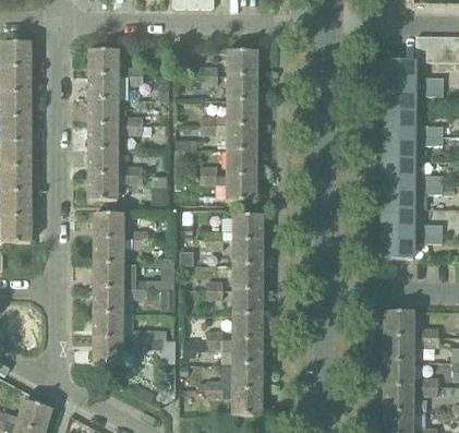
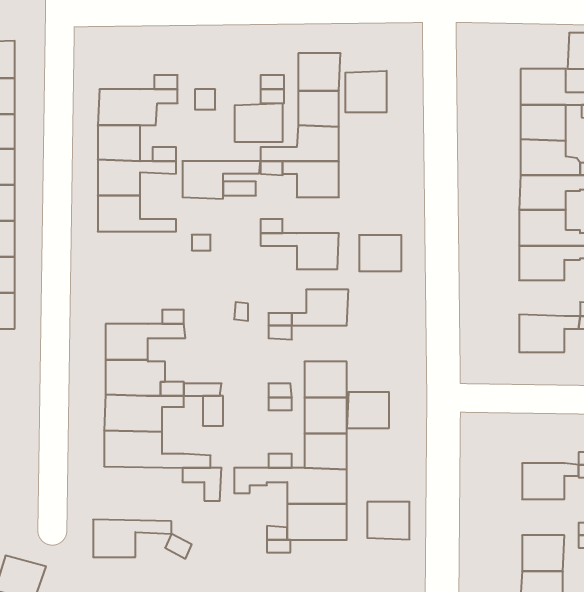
building: [89,50,119,75] -> none
building: none -> [345,71,387,112]
building: none -> [235,103,282,142]
building: [227,151,256,176] -> [359,235,401,271]
building: [88,175,143,201] -> [182,161,261,199]
building: [382,208,413,233] -> none
building: [94,214,123,239] -> none
building: [232,240,262,265] -> [347,392,389,428]
building: [384,311,413,336] -> none
building: [93,338,147,364] -> [93,520,171,557]
building: [384,361,413,386] -> none
building: [232,389,262,416] -> [367,502,410,539]

